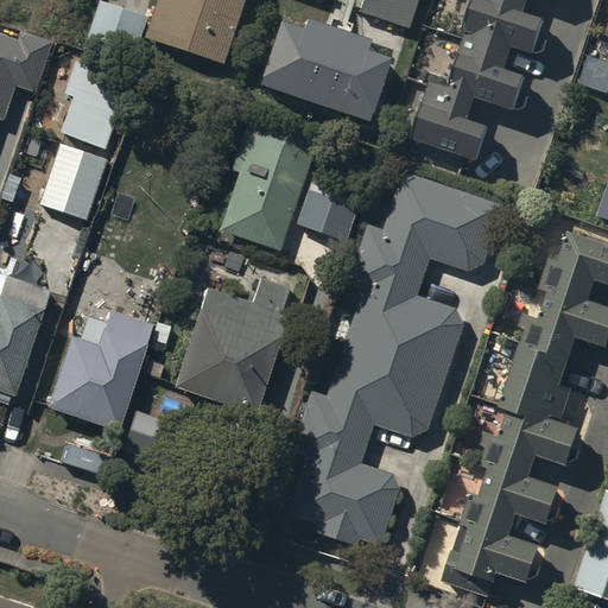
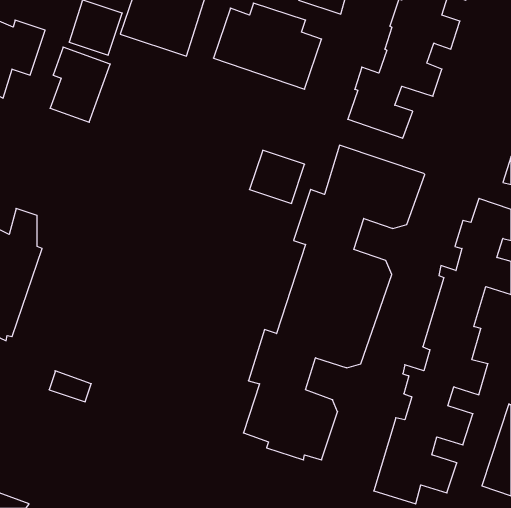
building: [218,113,316,252] -> none
building: [39,142,106,220] -> none
building: [175,278,289,416] -> none
building: [45,312,154,432] -> none

